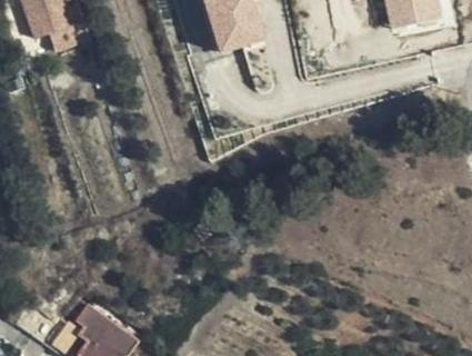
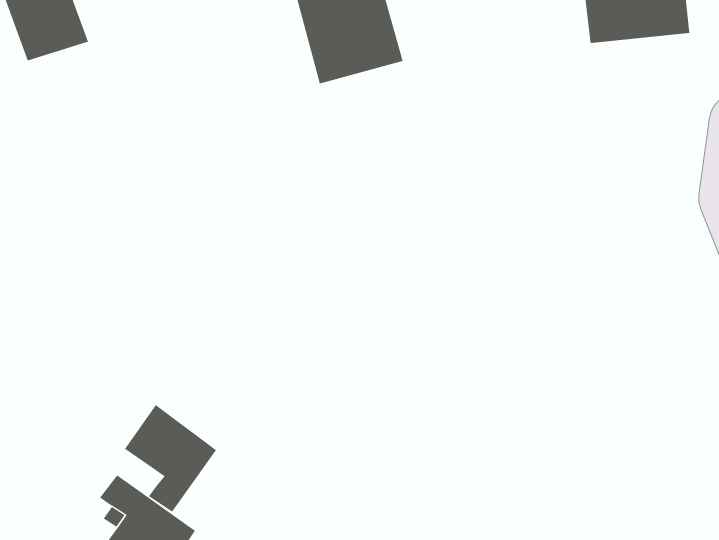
building: none -> [124,404,217,513]

